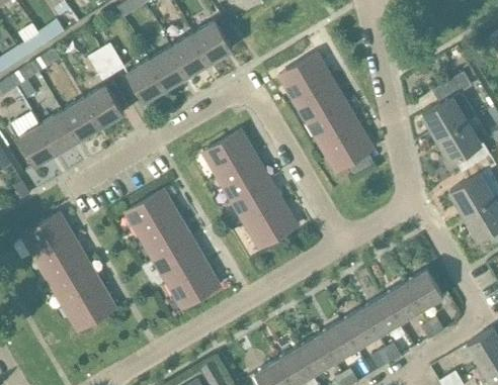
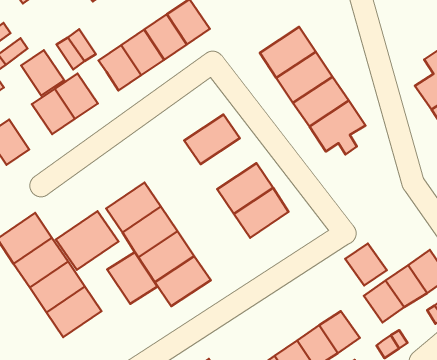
building: [39,110,79,153] -> [21,50,64,96]
building: [217,154,269,200] -> none
building: none -> [56,211,118,270]
building: none -> [107,252,157,304]
building: [340,308,379,348] -> [345,243,387,286]

